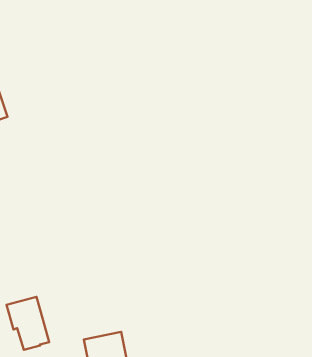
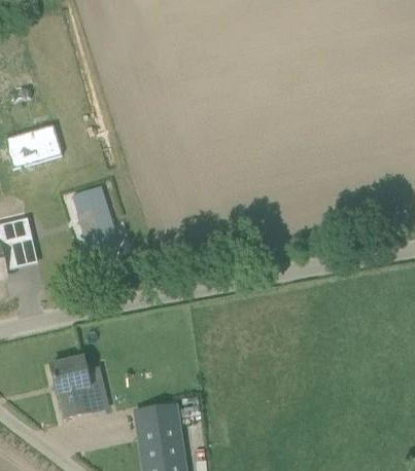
building: none -> [79,189,124,253]

